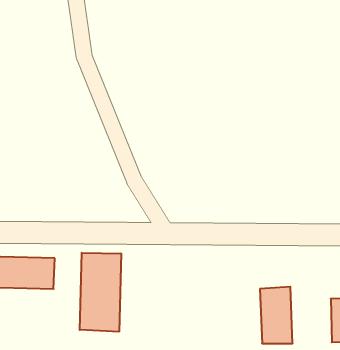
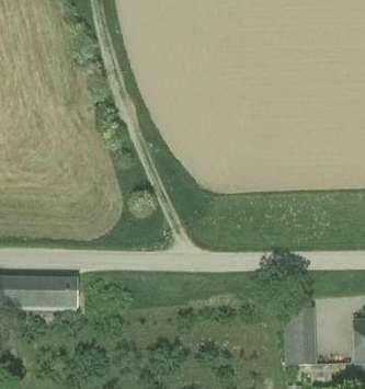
building: [80,253,121,332] -> none

